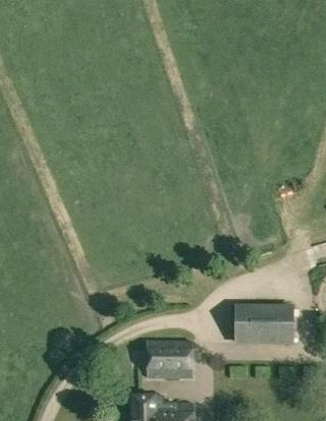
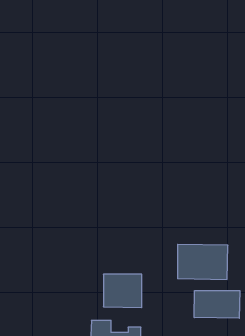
building: none -> [194,291,240,318]

